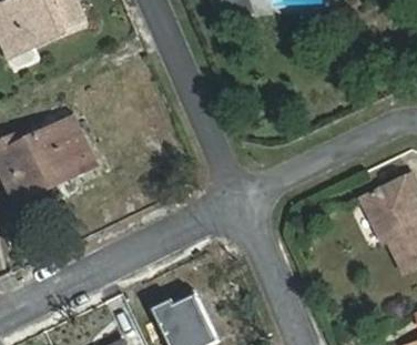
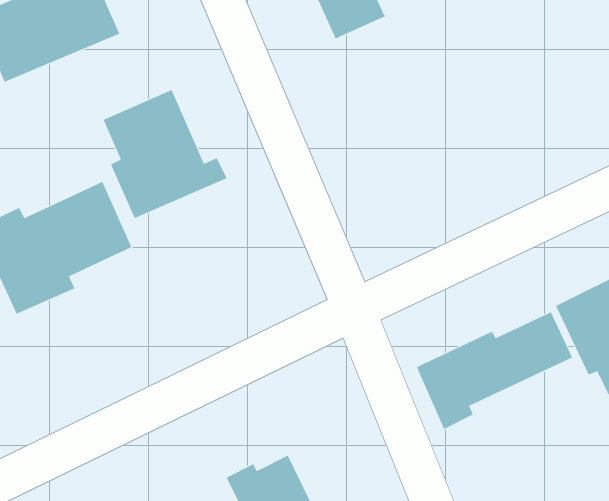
building: none -> [103,89,228,219]
building: none -> [416,311,573,430]

